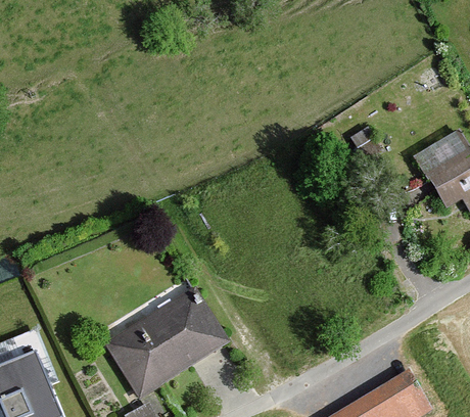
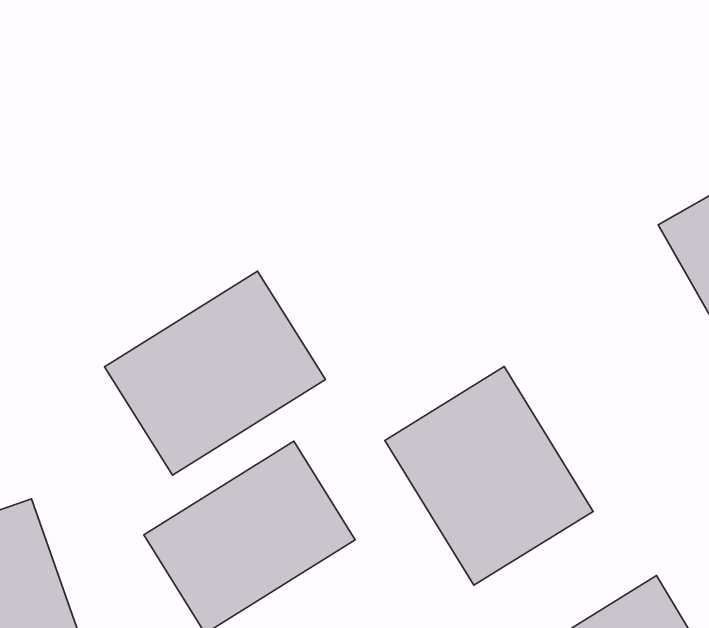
building: none -> [104,271,326,475]
building: none -> [385,367,593,585]

